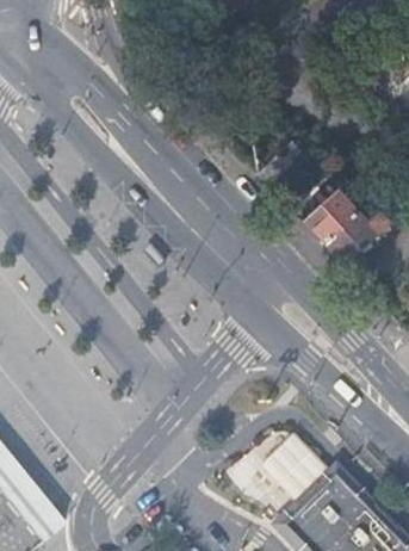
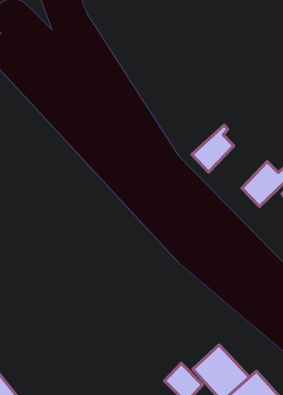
building: [299,186,351,243] -> [192,125,234,172]

